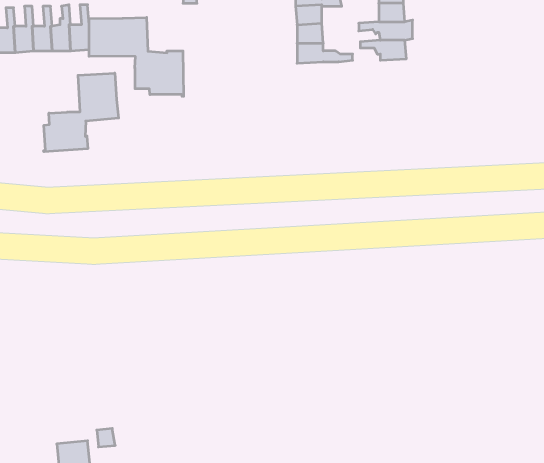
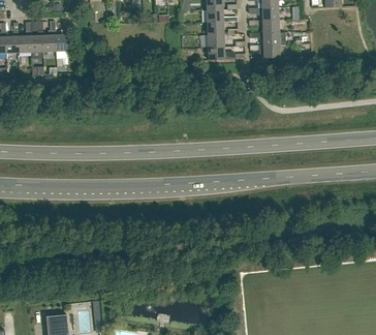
building: [89,17,184,96] -> none
building: [44,73,119,152] -> none

